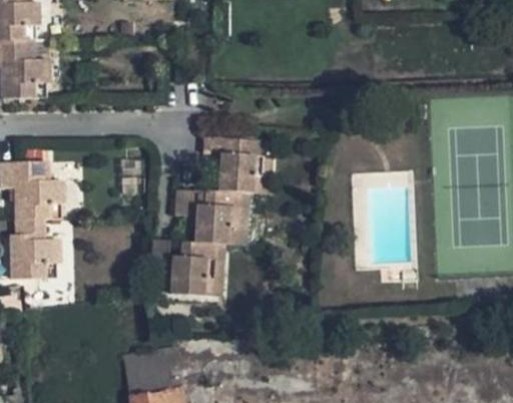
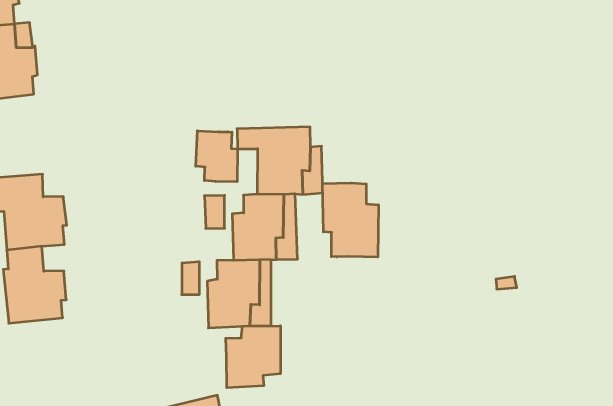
building: none -> [196,131,237,182]
building: none -> [323,183,378,257]
building: none -> [226,326,280,388]

